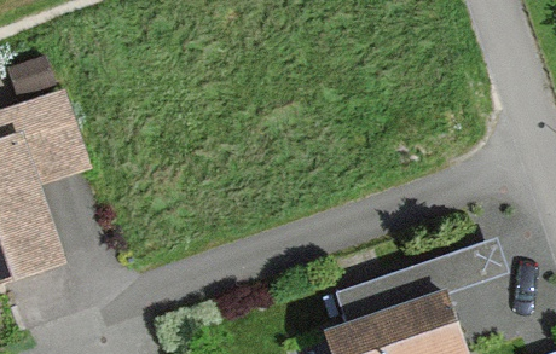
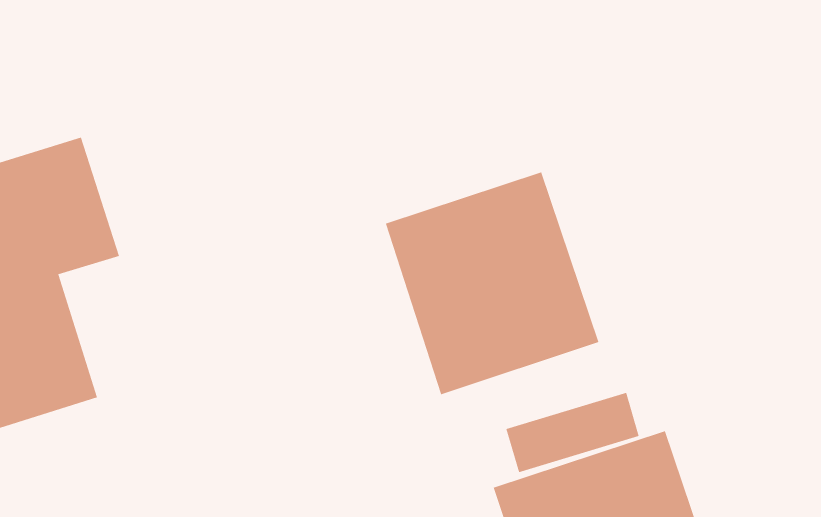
building: none -> [385,172,599,395]

